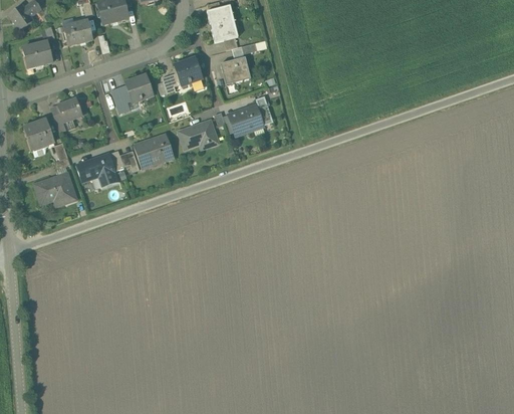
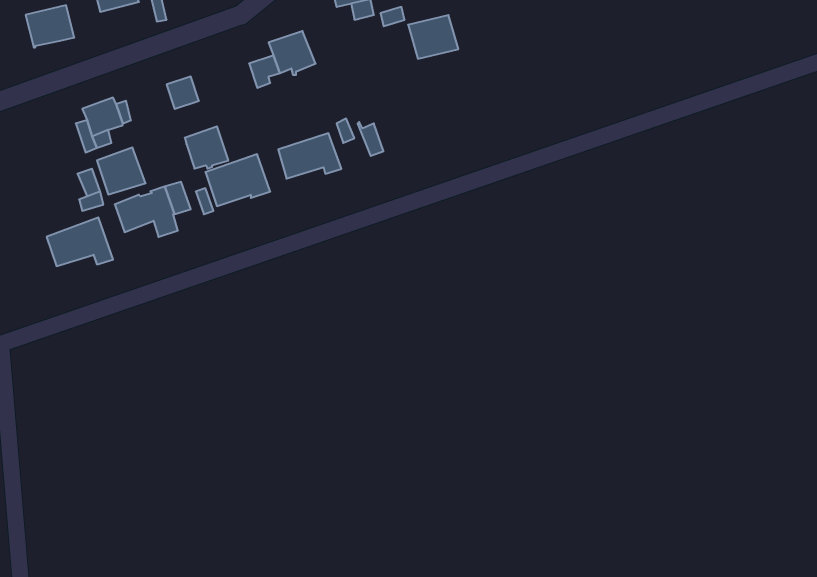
building: [220,57,251,84] -> [408,15,458,59]
building: [123,74,151,100] -> [185,126,228,169]
building: [237,105,262,132] -> none
building: [24,120,54,149] -> [97,148,146,195]

